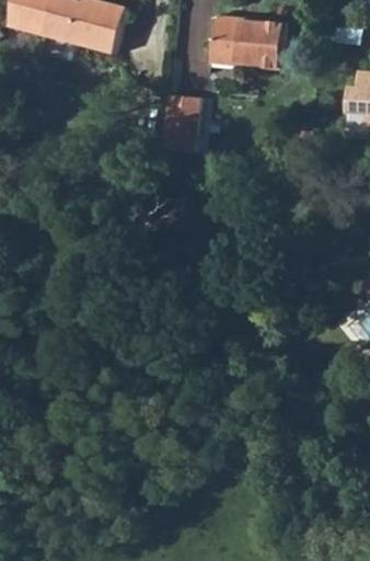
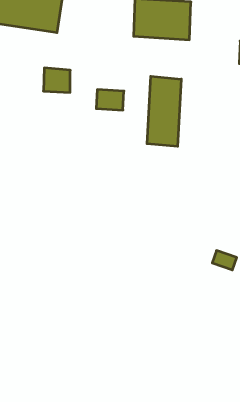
building: [163,99,199,133] -> [43,68,70,92]
building: none -> [147,76,181,146]

